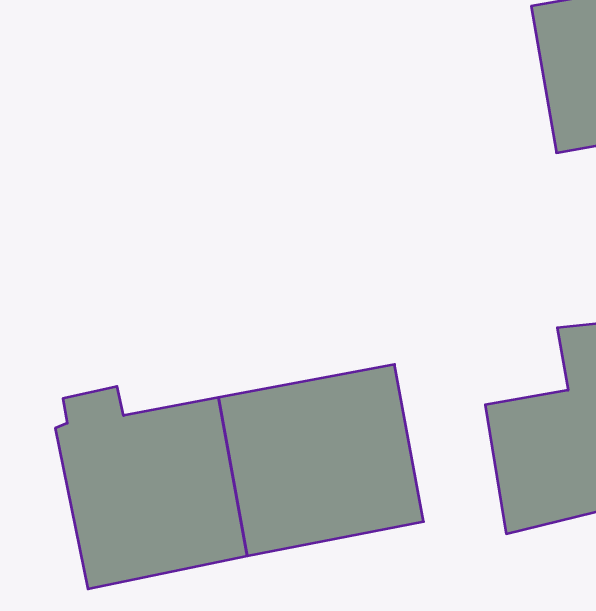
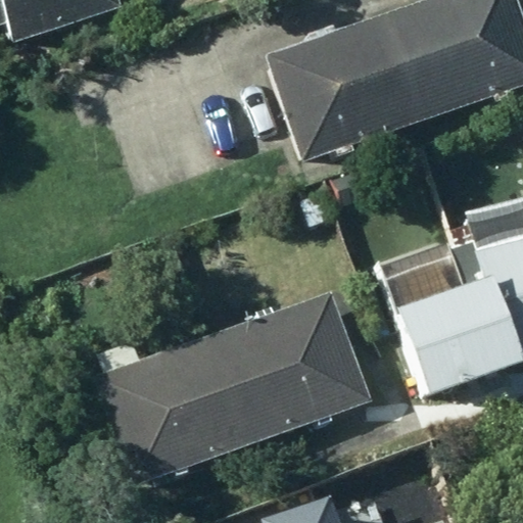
building: none -> [267,12,424,157]

